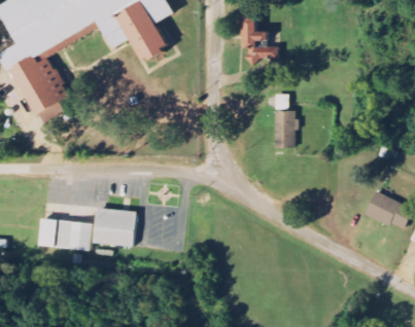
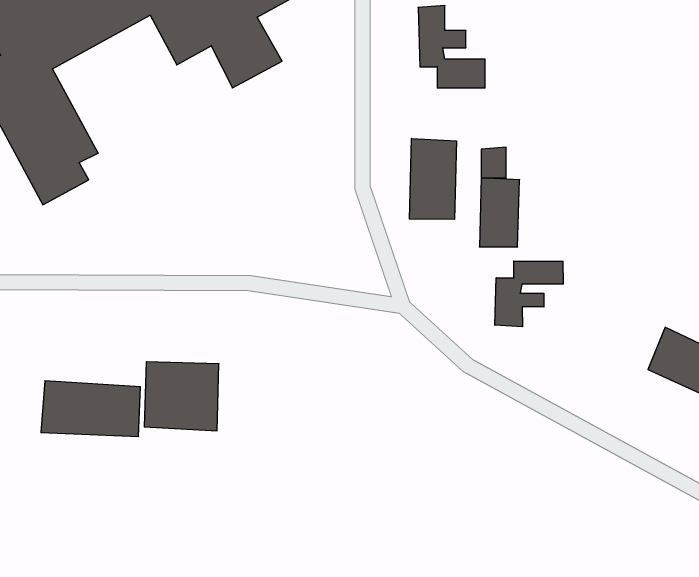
building: none -> [409,138,456,219]
building: none -> [495,261,563,327]

